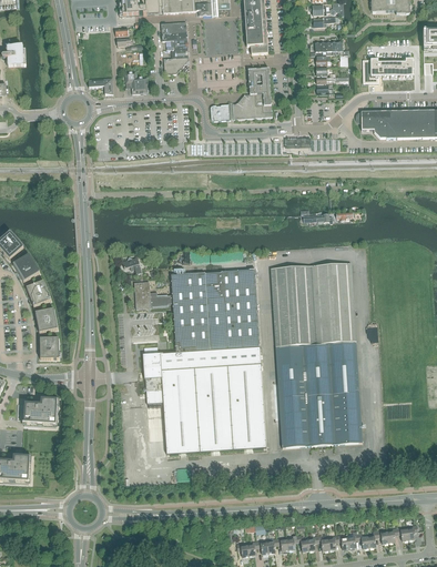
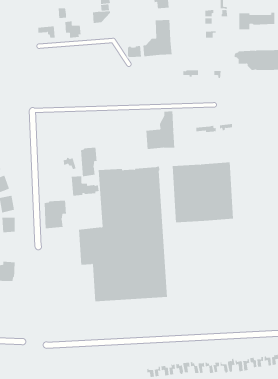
building: none -> [146,111,175,150]
building: none -> [80,147,97,177]
building: none -> [44,200,66,229]
building: [275,342,362,447] -> none

